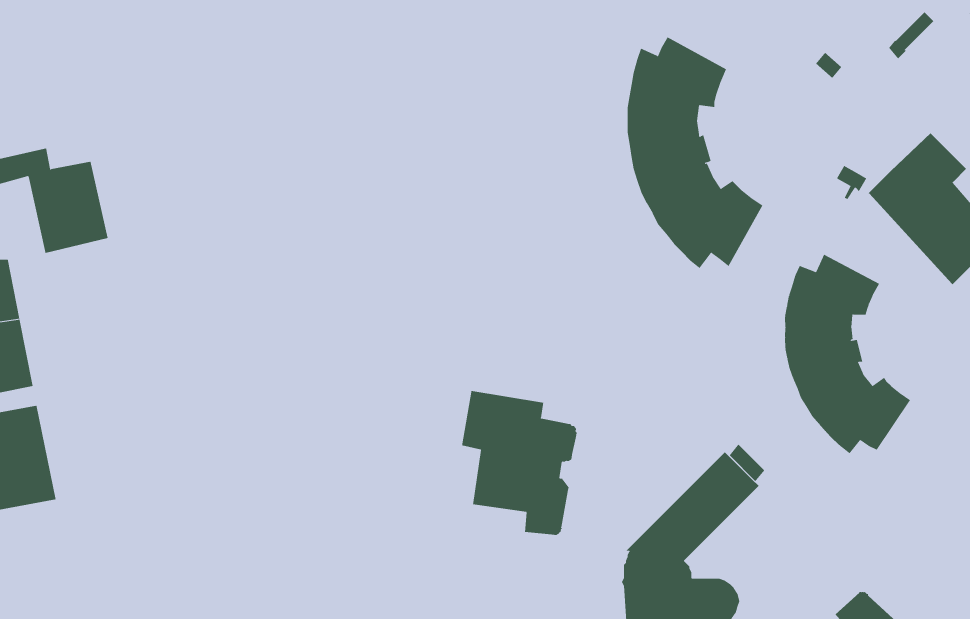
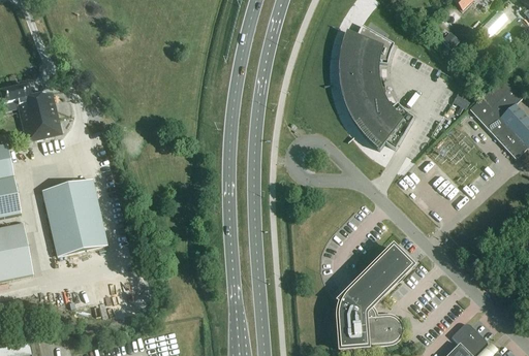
building: [785,254,911,454] -> none
building: none -> [41,179,106,256]
building: [461,390,577,536] -> none

